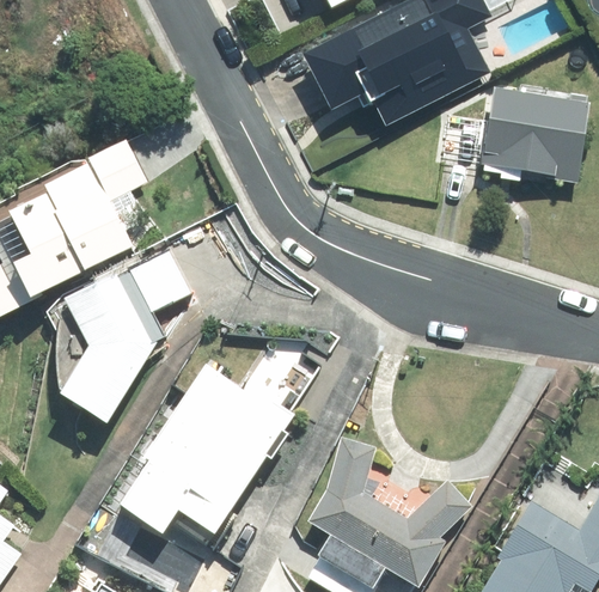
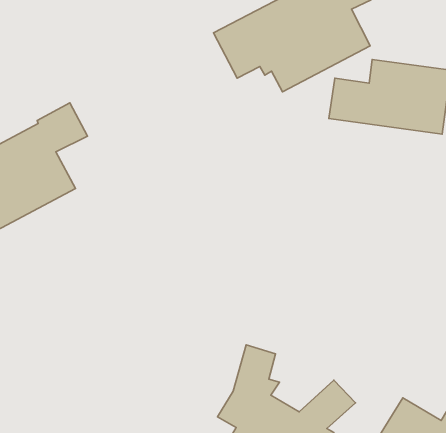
building: [57,246,191,426] -> none
building: [116,365,294,536] -> none

